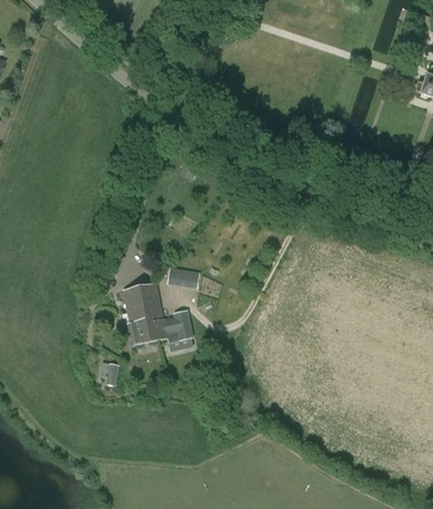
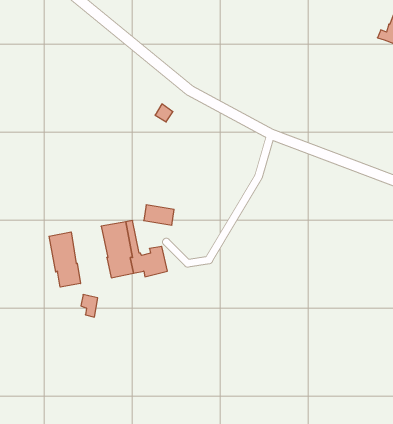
building: none -> [49,232,80,287]

